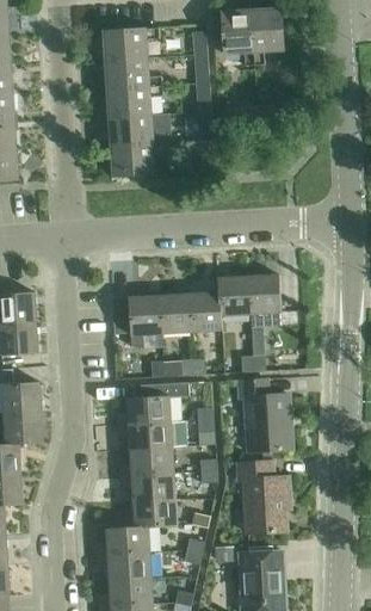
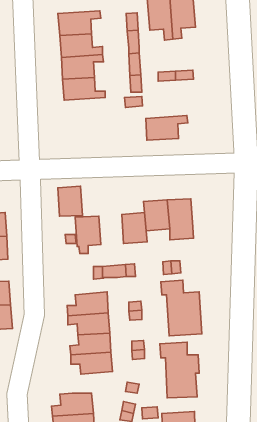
building: [111,142,166,174] -> [146,116,188,140]
building: [156,295,188,334] -> [58,186,82,216]
building: [122,500,175,529] -> none

